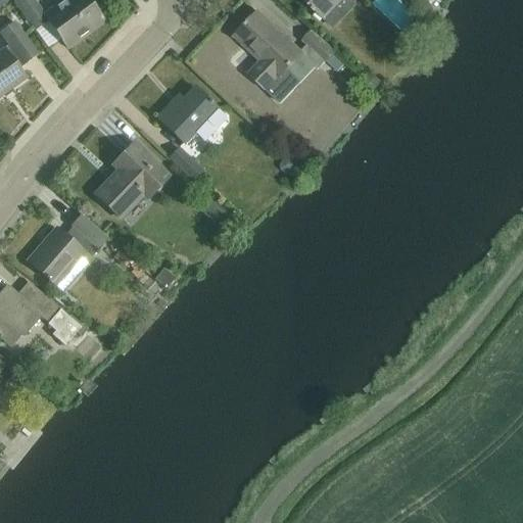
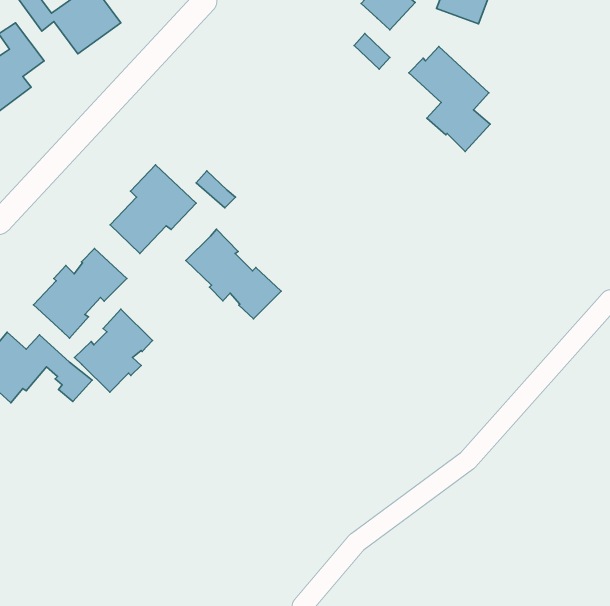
building: [233,11,302,101] -> [409,46,490,152]
building: [156,85,223,141] -> none
building: none -> [186,229,281,319]
building: none -> [74,309,152,392]

